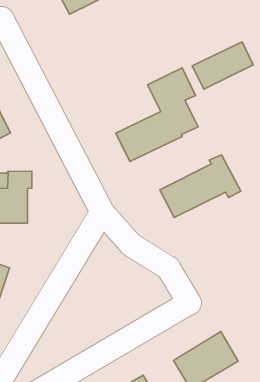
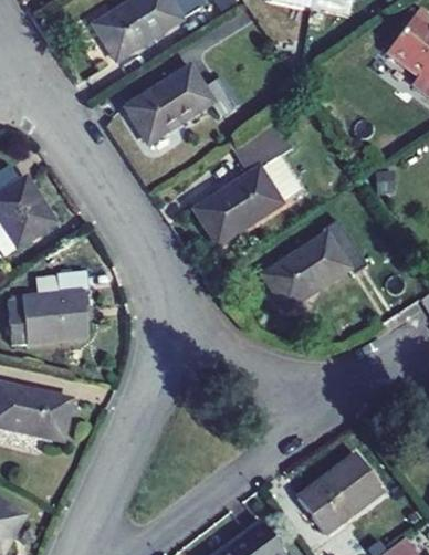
building: none -> [125,66,236,143]
building: [192,42,253,89] -> none

